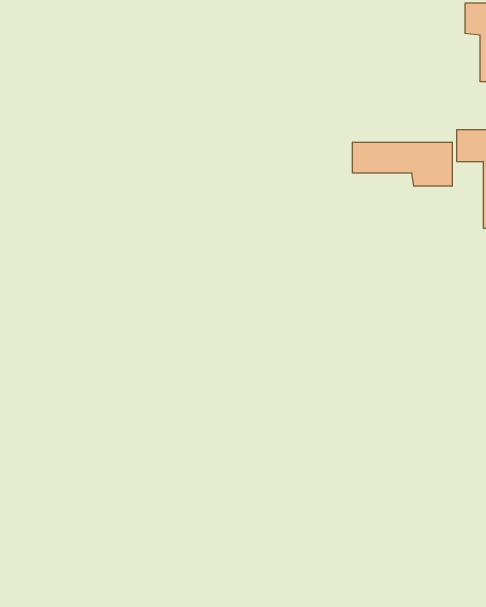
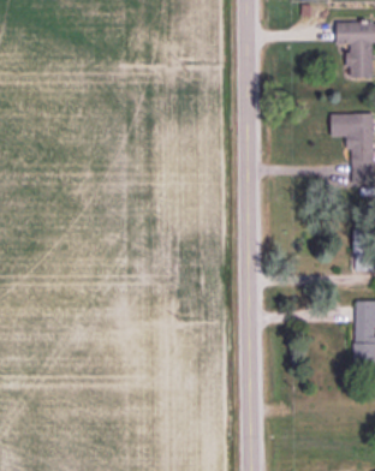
building: [353,142,452,186] -> none

